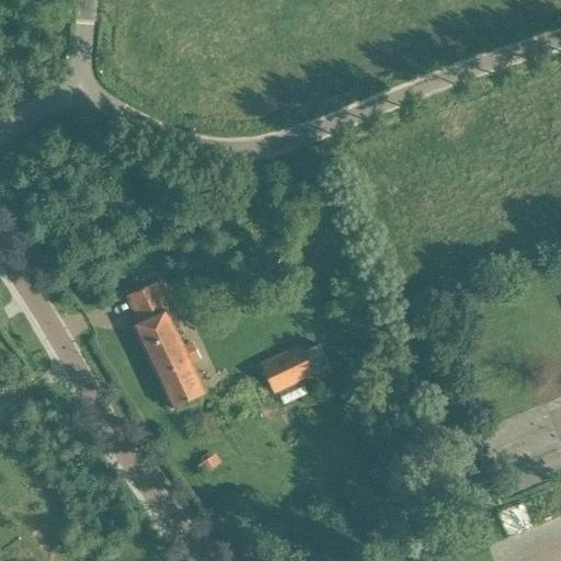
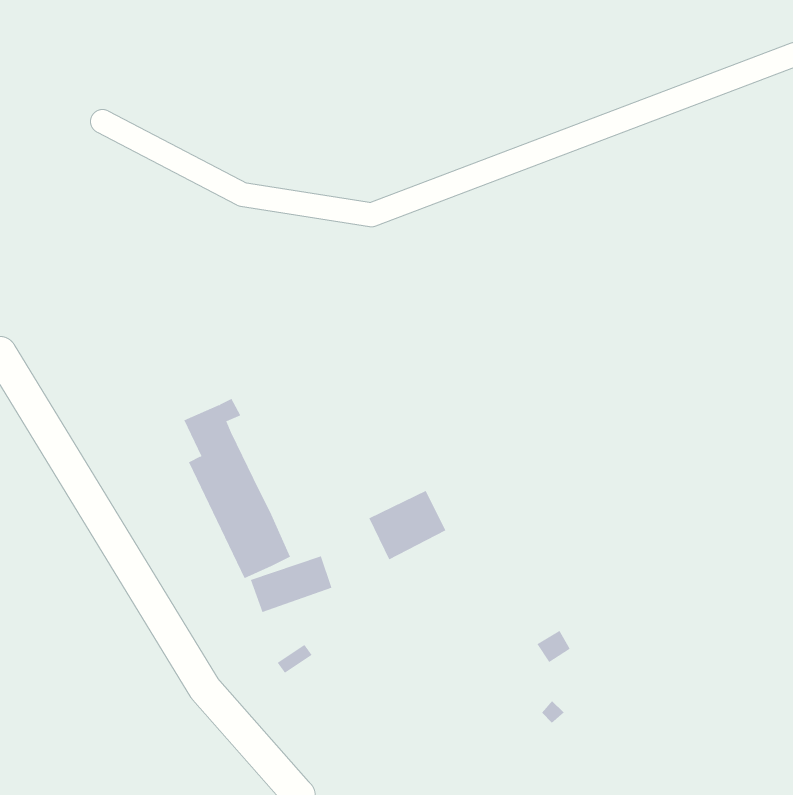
building: none -> [250,556,332,613]

